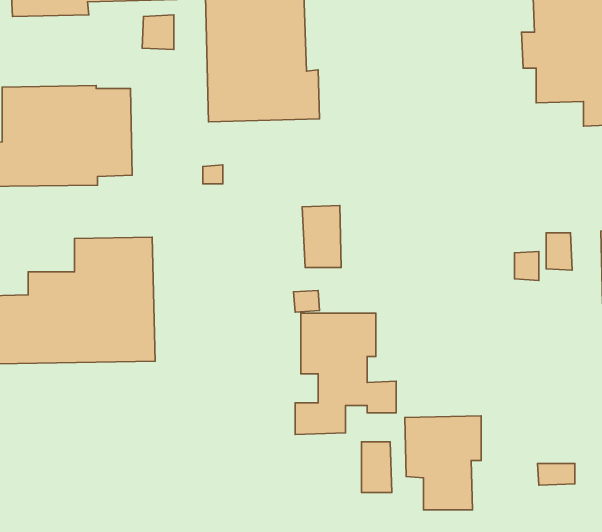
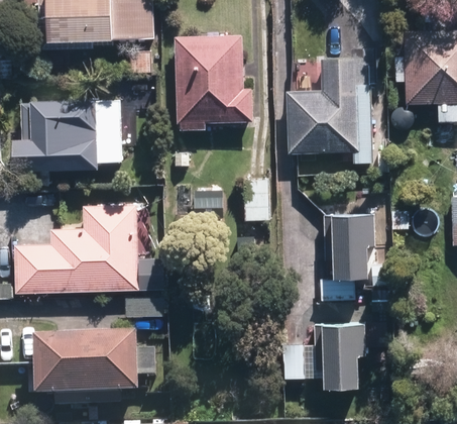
building: none -> [285,50,374,166]
building: [295,313,396,434] -> [319,218,389,303]
building: none -> [34,333,139,395]

